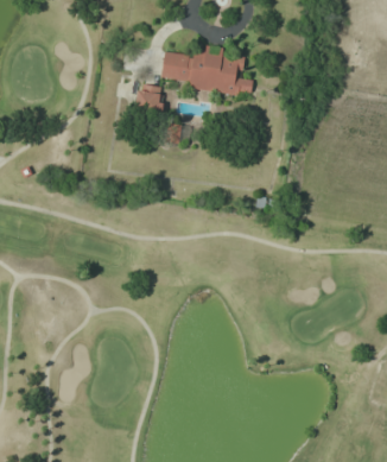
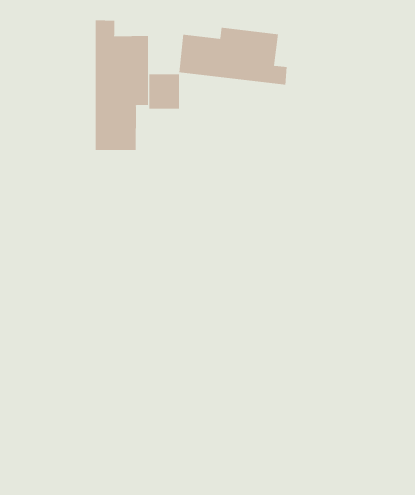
building: none -> [95,19,149,151]

